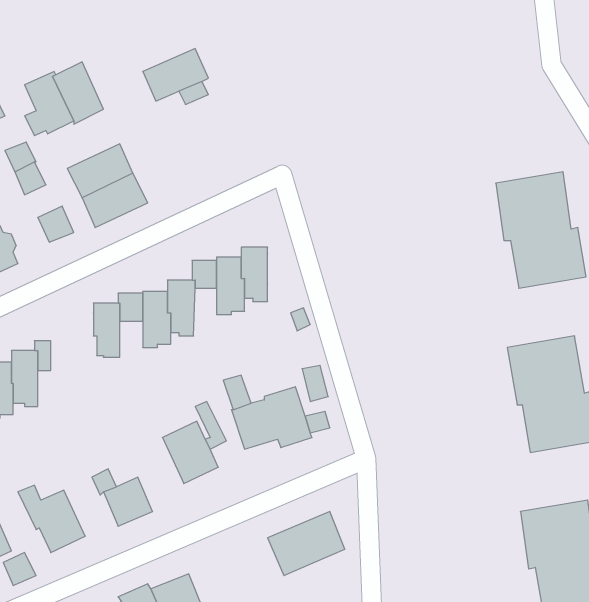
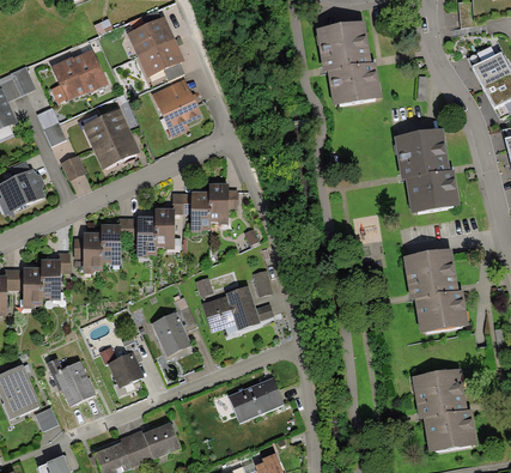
building: none -> [126,17,175,56]
building: none -> [316,22,382,105]
building: none -> [151,79,201,137]
building: none -> [83,232,103,274]

